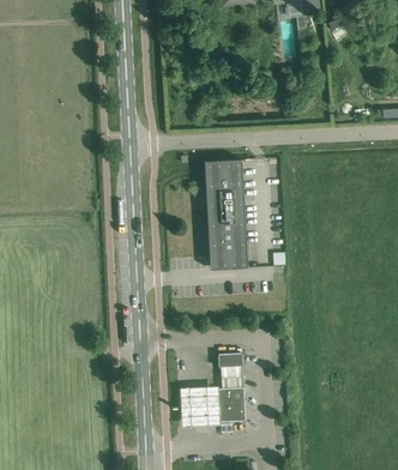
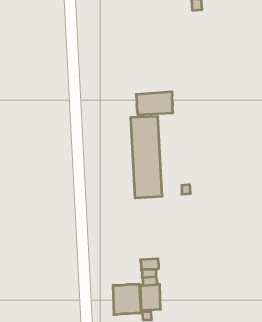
building: none -> [136,92,173,115]

